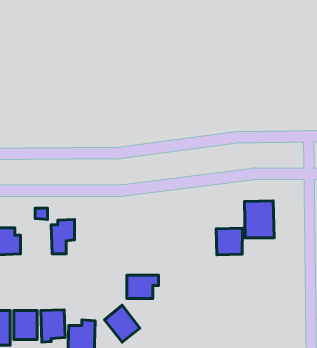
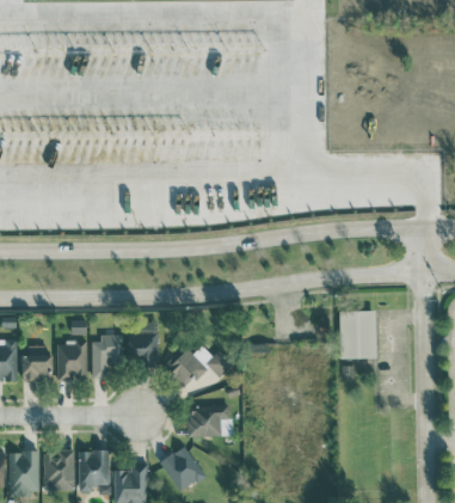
building: none -> [129,323,159,370]
building: none -> [57,342,87,380]
building: none -> [164,345,233,387]
building: [216,228,243,255] -> none

